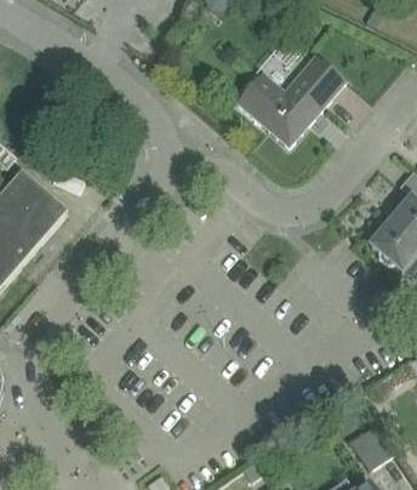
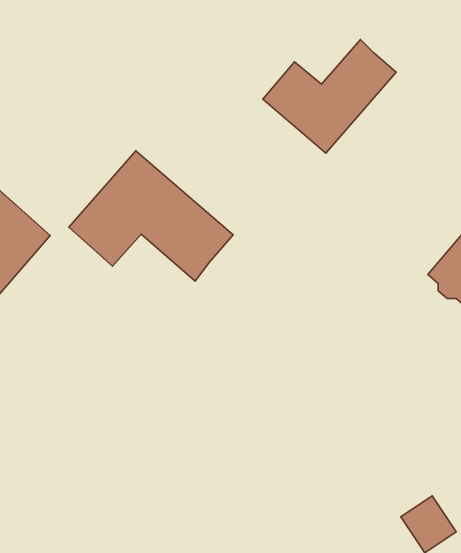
building: none -> [69,151,233,281]

